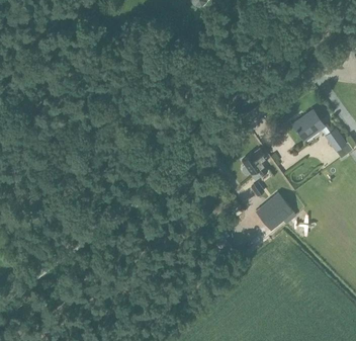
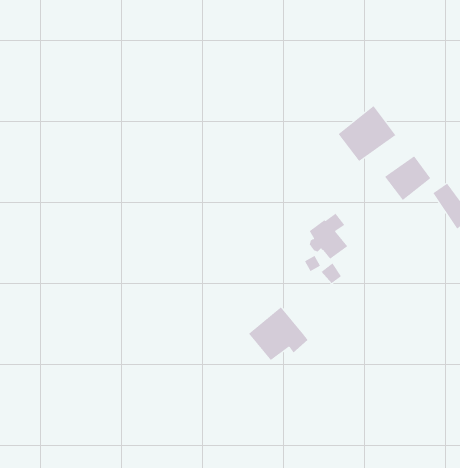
building: none -> [338,105,396,162]
building: [255,192,295,229] -> [248,307,308,361]

